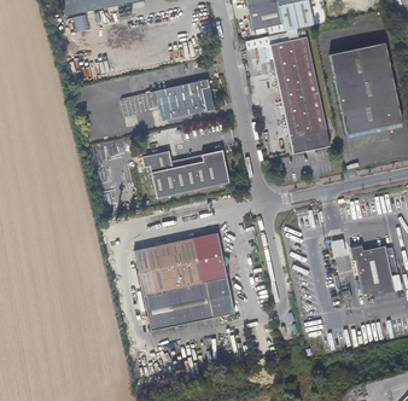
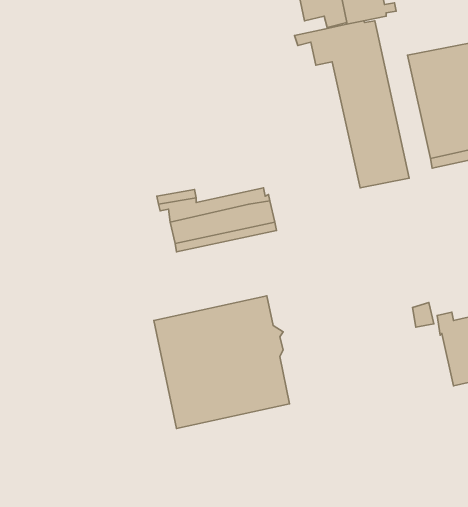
building: [122,80,214,121] -> none

